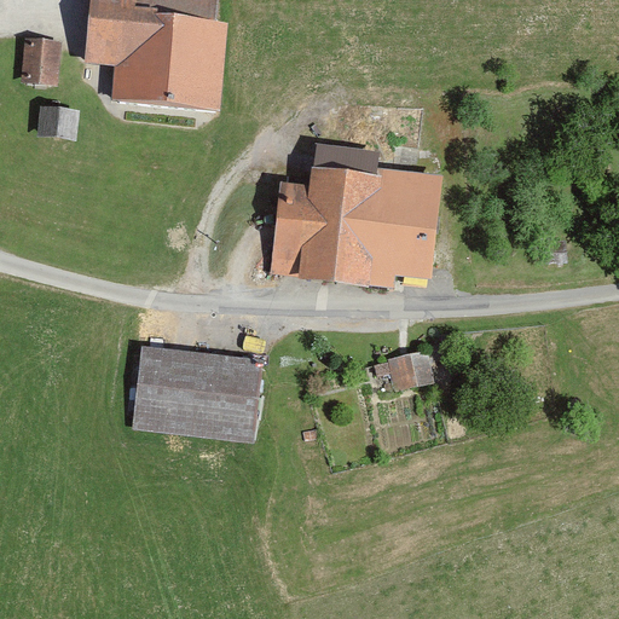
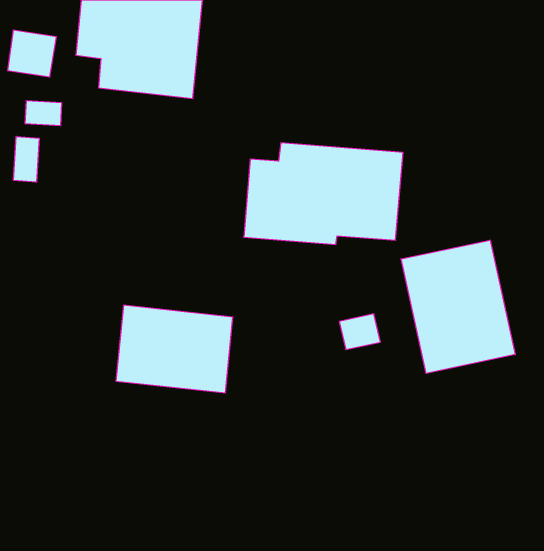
building: none -> [14,136,39,182]
building: none -> [401,240,515,373]

